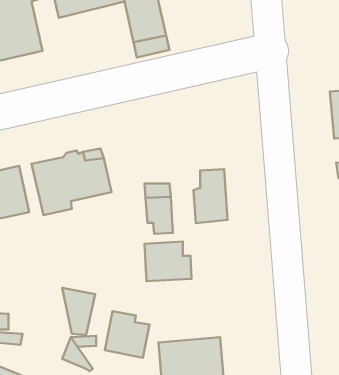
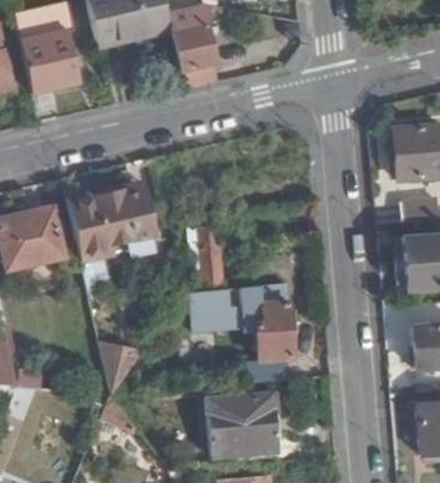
building: [194,169,228,223] -> [256,302,293,360]
building: [105,311,149,358] -> none

